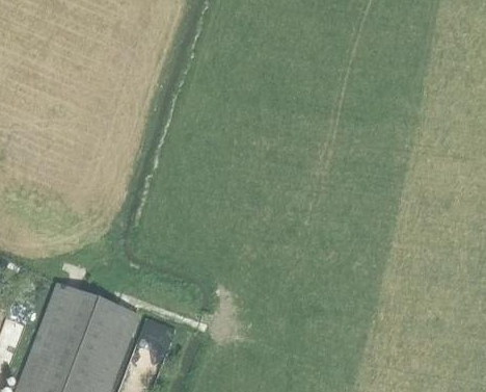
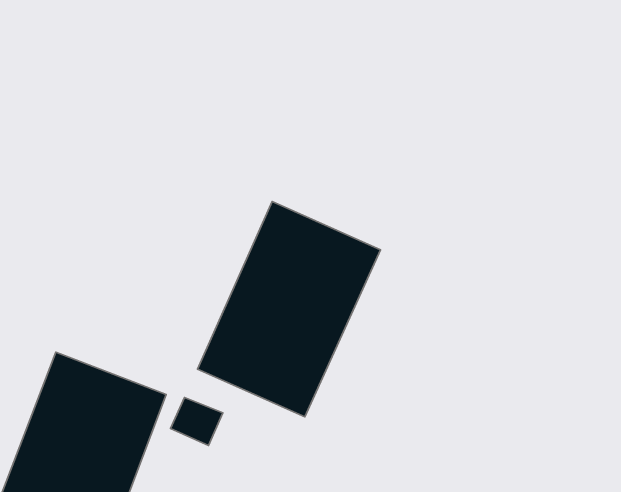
building: none -> [198,201,380,417]

